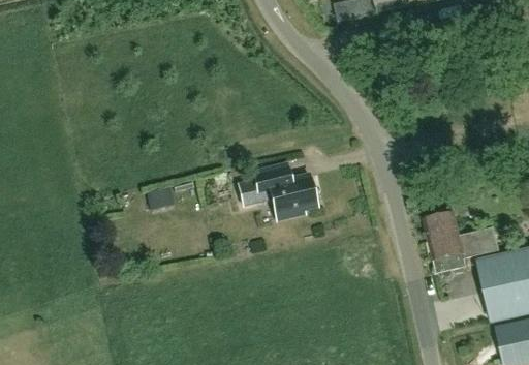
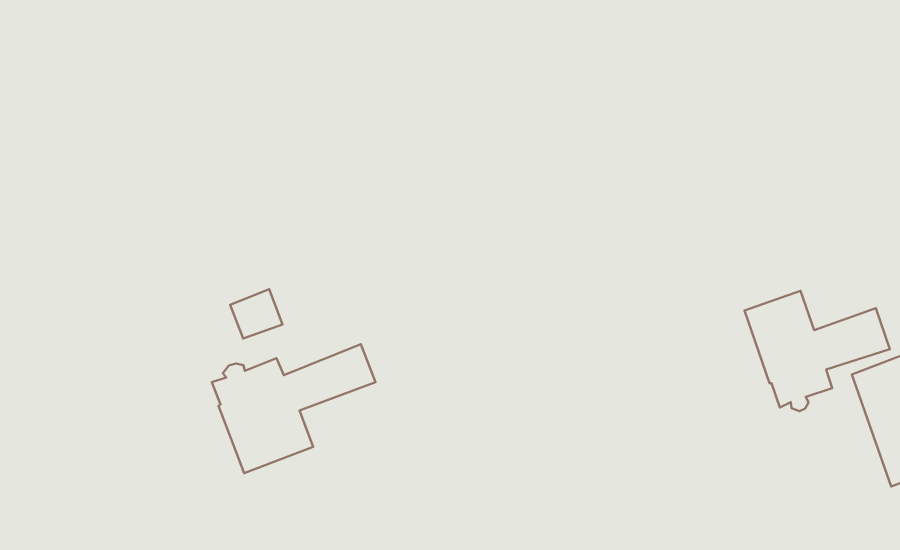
building: [253,162,316,219] -> none
building: none -> [212,344,376,473]

